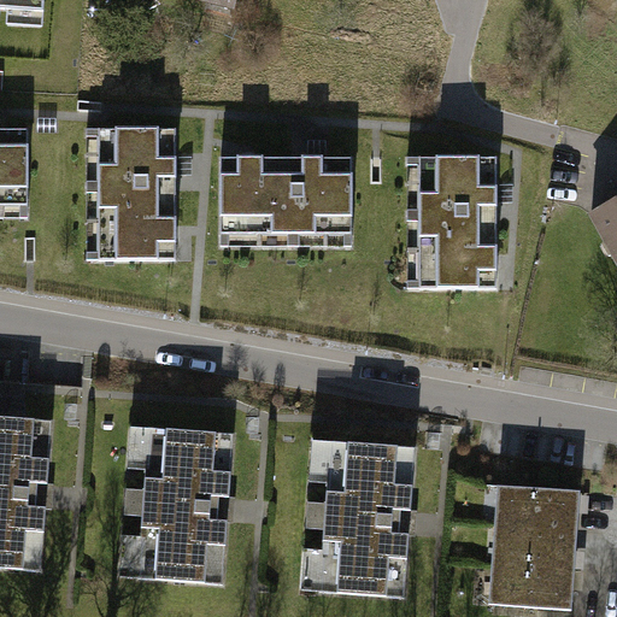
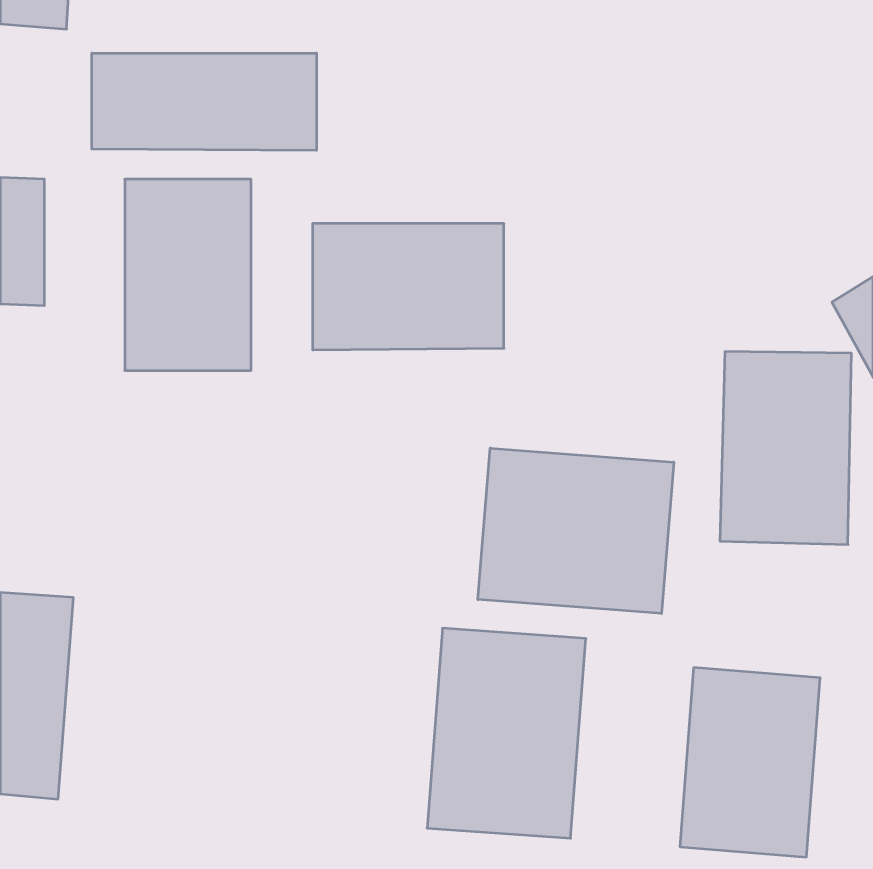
building: none -> [92,53,316,150]
building: [406,155,499,292] -> [720,352,851,545]
building: none -> [478,448,674,614]
building: [121,429,233,578] -> none

